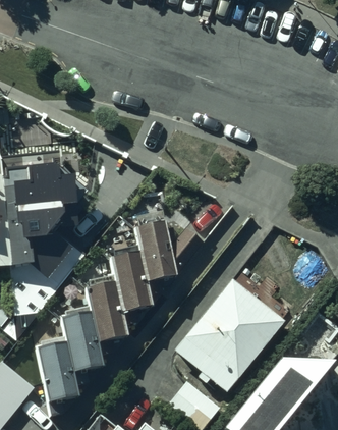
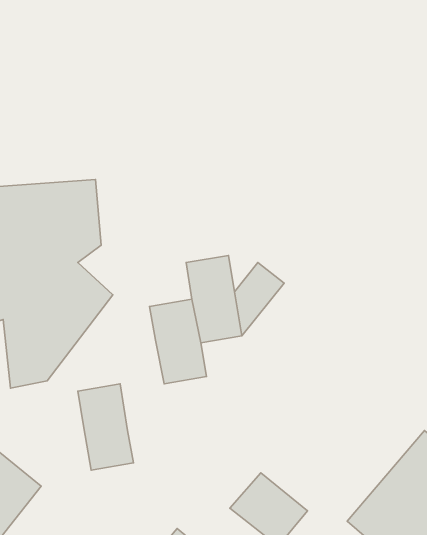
building: [175,279,282,389] -> none
building: [85,281,124,344] -> none
building: [35,342,73,401] -> none

